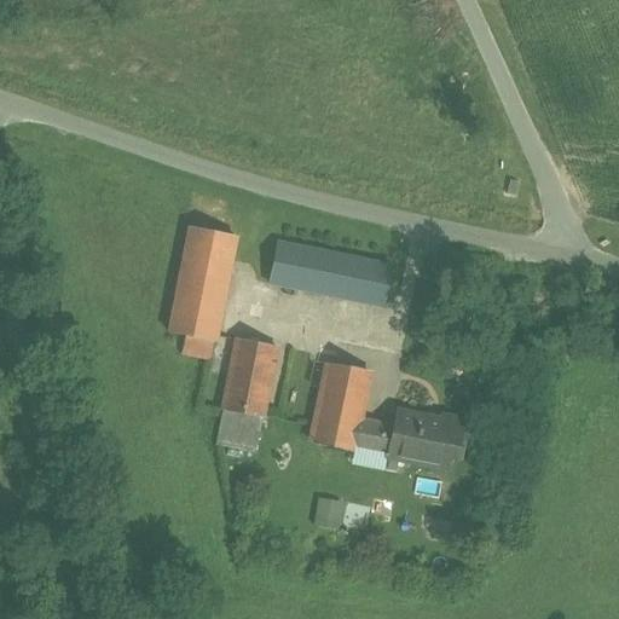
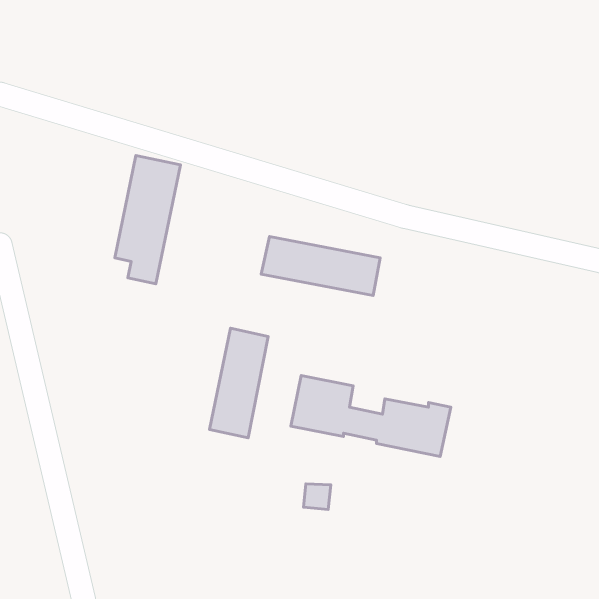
building: [170,226,238,358] -> [115,156,181,284]
building: [312,360,370,397] -> none

